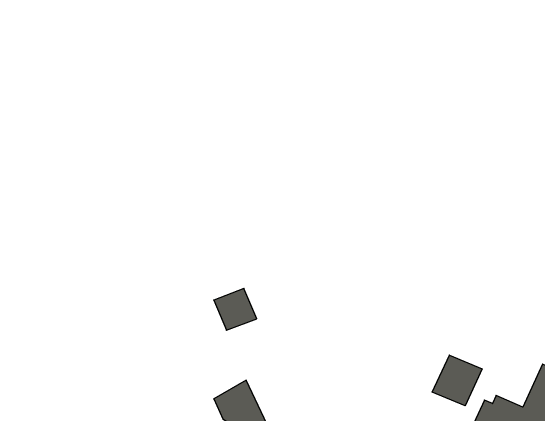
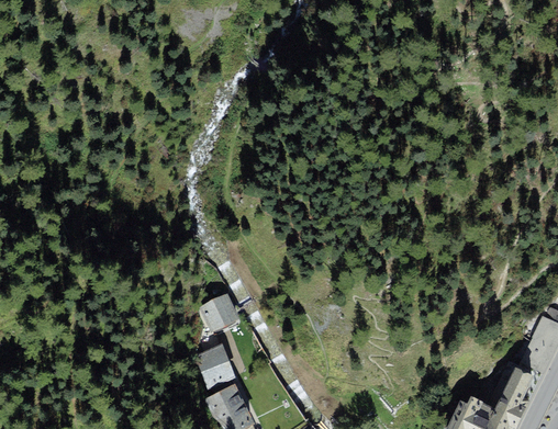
building: none -> [201,348,238,386]
building: [432,355,482,406] -> none

